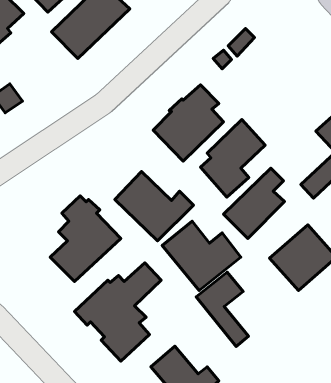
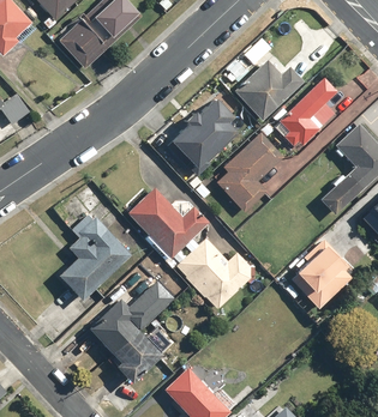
building: none -> [235,58,304,117]
building: [223,168,285,239] -> [272,77,336,150]
building: [196,272,248,346] -> none

